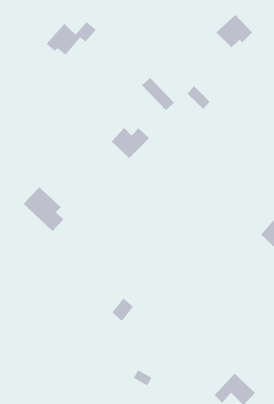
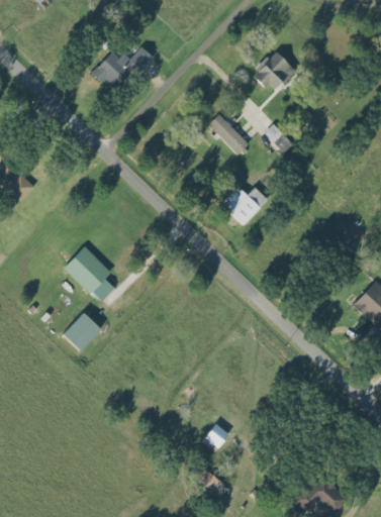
building: [216,14,253,48] -> [253,50,298,92]
building: [111,127,150,159] -> [221,187,269,225]
building: none -> [63,313,101,351]
building: [111,298,134,322] -> [202,423,229,452]

